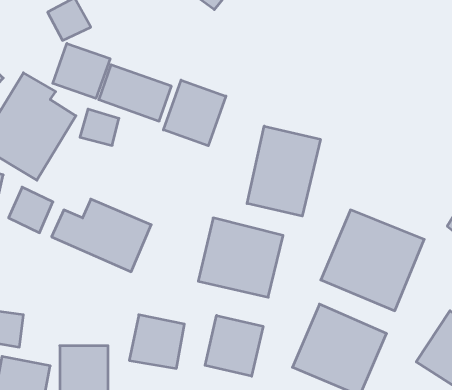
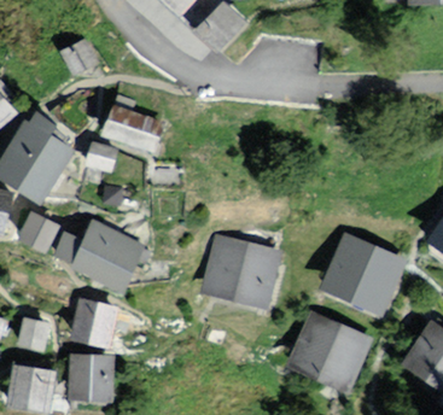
building: [53,43,110,98] -> none
building: [163,80,226,146] -> none
building: [247,126,320,216] -> none
building: [129,315,184,368] -> [72,298,122,346]
building: [205,315,263,376] -> none

